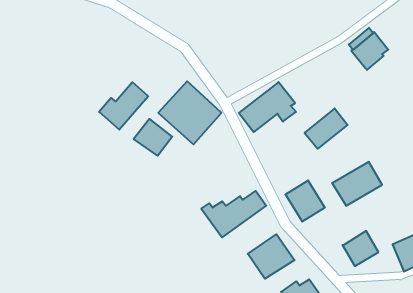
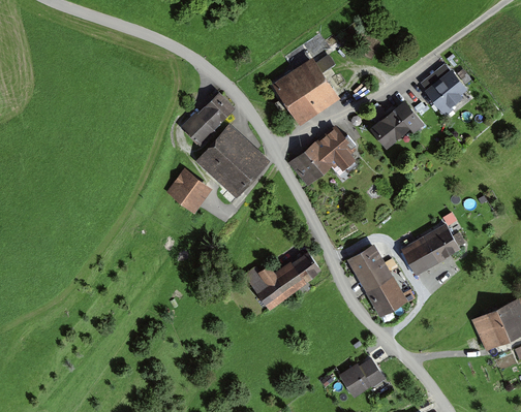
building: none -> [273,58,341,126]
building: [99,82,148,130] -> [179,94,237,150]
building: [305,108,348,149] -> [368,99,419,147]
building: [342,231,378,266] -> [364,275,406,316]
building: [248,234,295,279] -> none

